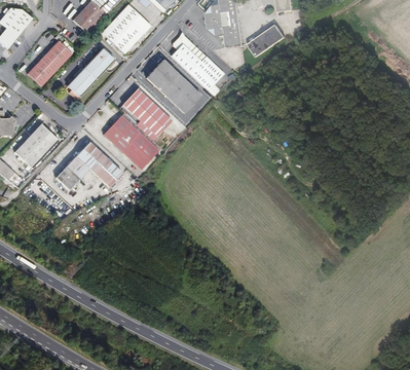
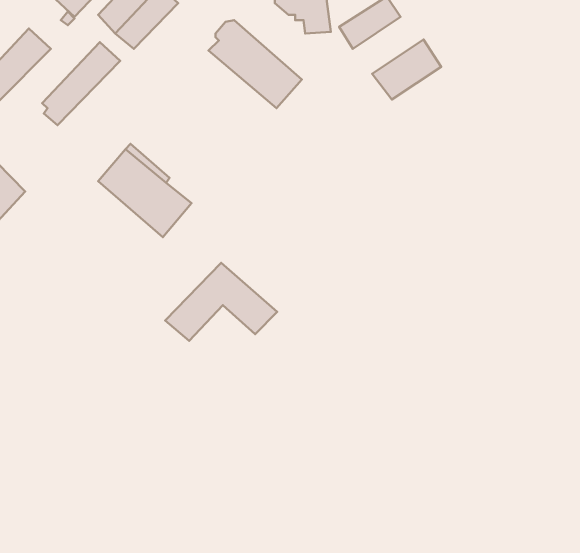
building: none -> [372,39,441,100]
building: [145,61,199,112] -> none
building: [120,89,171,136] -> none
building: [52,143,120,190] -> [165,263,277,341]

